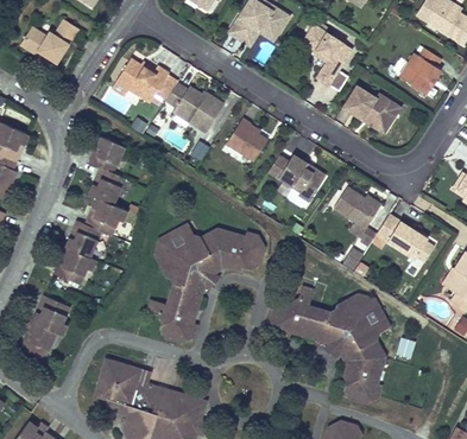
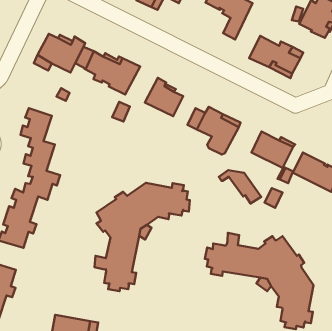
building: [154,223,193,266] -> none
building: [347,293,390,331] -> [219,170,261,203]

